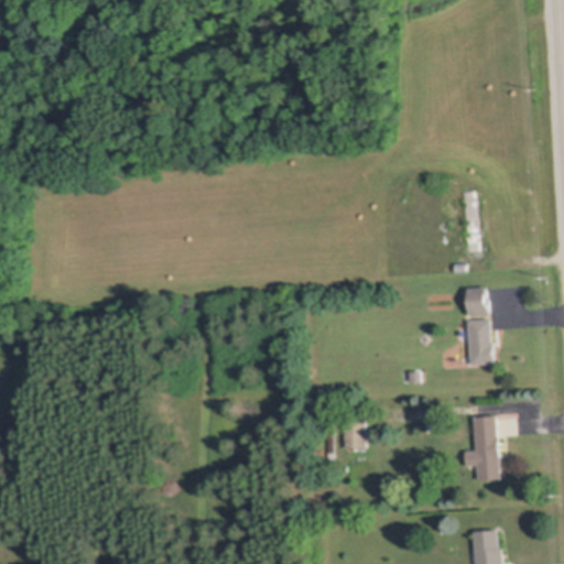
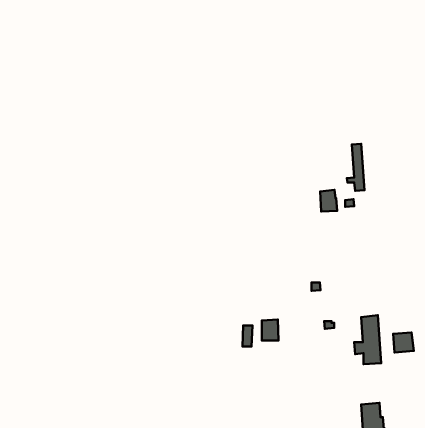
building: [466,288,488,316] -> [320,190,337,212]
building: [467,321,494,367] -> none
building: none -> [393,333,414,353]

